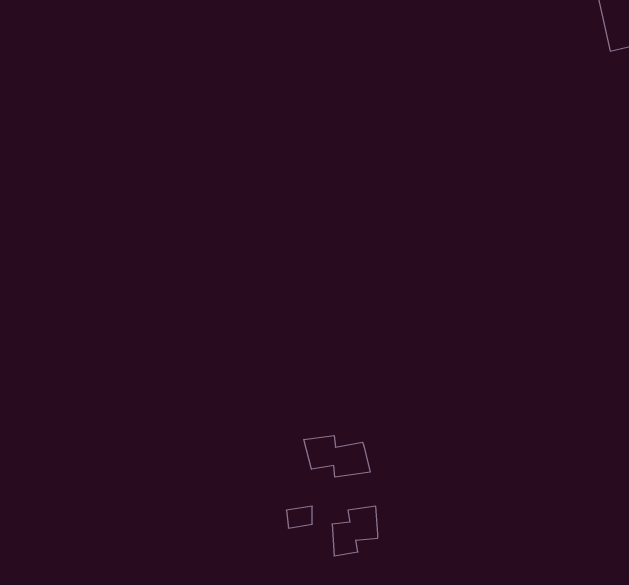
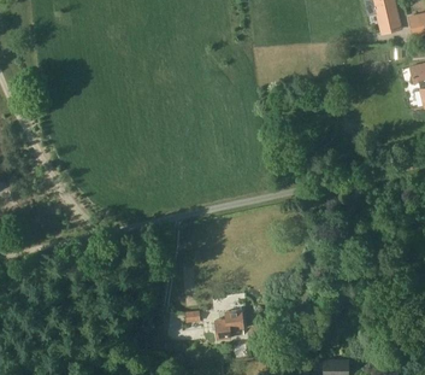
building: [304,436,370,477] -> none

